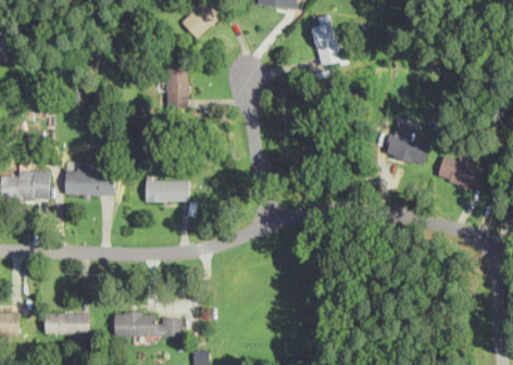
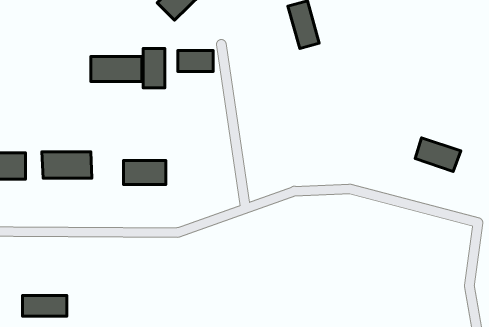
building: none -> [178,51,213,72]
building: none -> [91,57,142,82]
building: [384,130,429,164] -> none
building: [114,313,182,335] -> none

